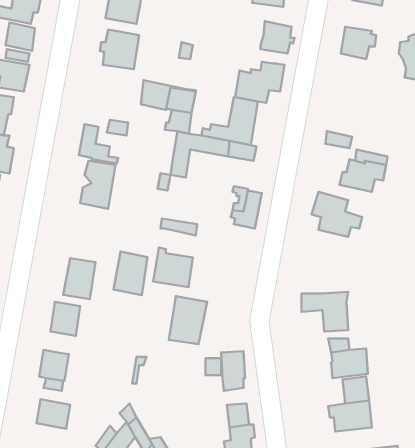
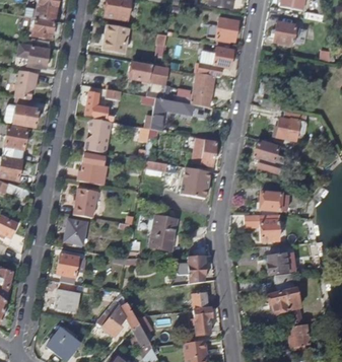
building: [153,248,193,287] -> [181,169,209,198]
building: [114,251,147,295] -> [80,152,105,184]
building: none -> [260,192,288,210]

